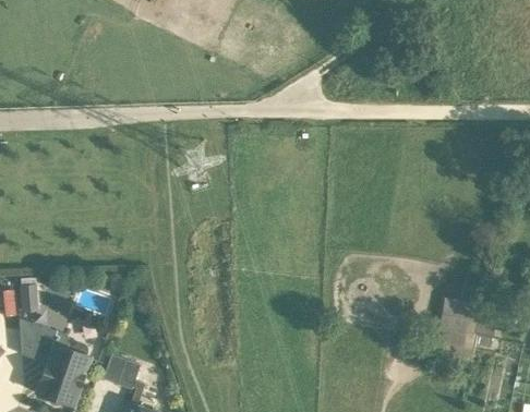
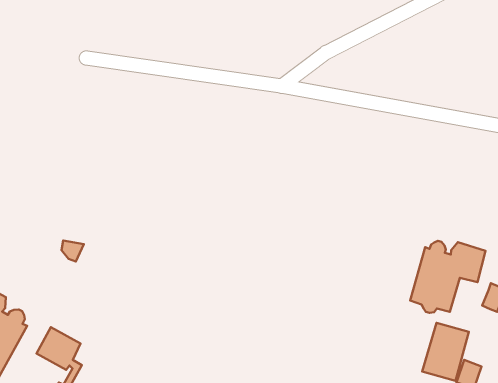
building: none -> [410,241,486,313]

